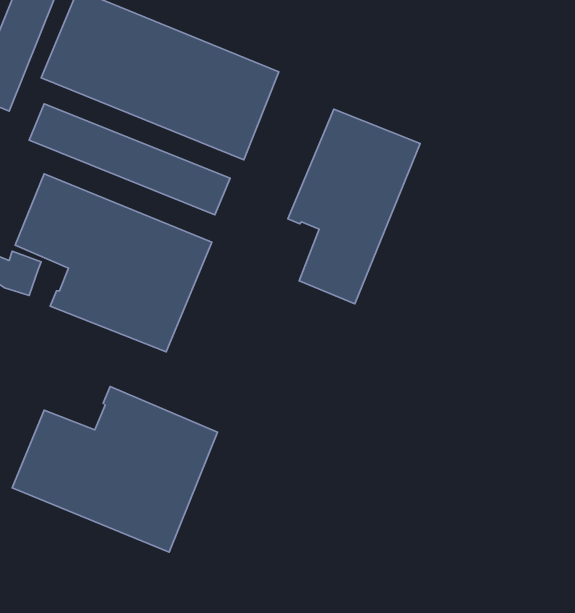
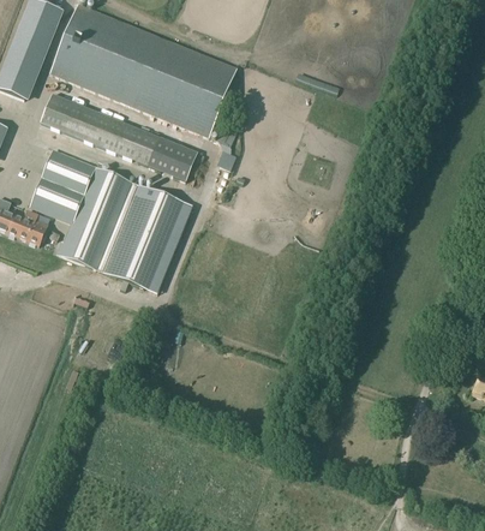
building: [288,109,420,304] -> none
building: [12,387,218,552] -> none

